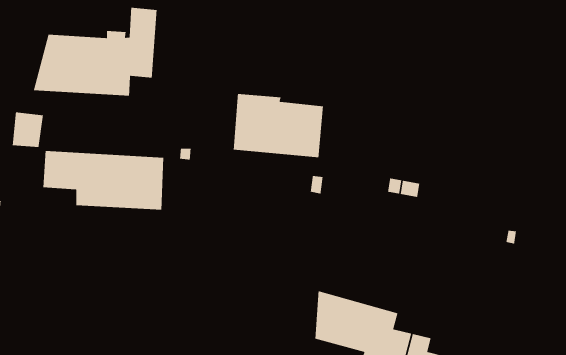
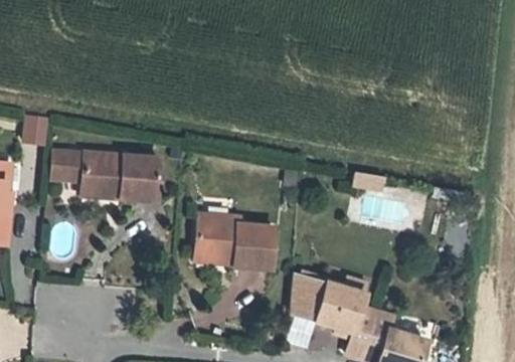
building: [33,7,157,96] -> none
building: [233,93,324,158] -> [193,213,274,270]

